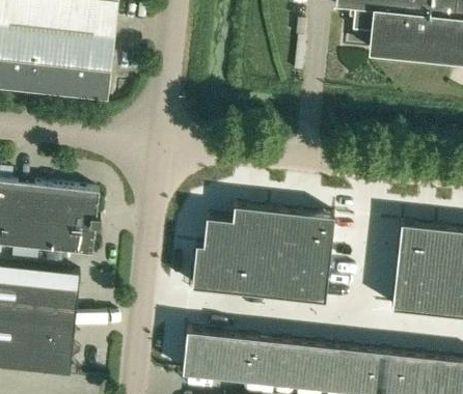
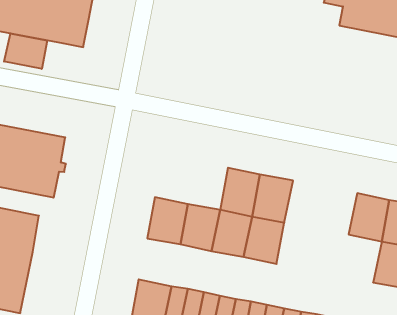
building: none -> [4,33,47,69]
building: [195,207,267,254] -> none
building: [391,268,430,314] -> none

